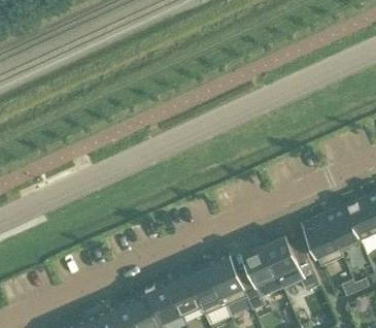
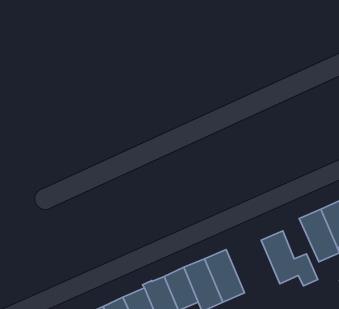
building: [243,244,282,308] -> none

